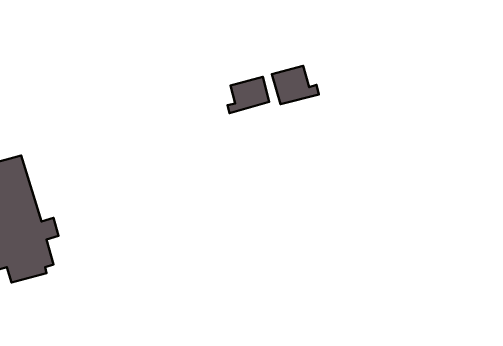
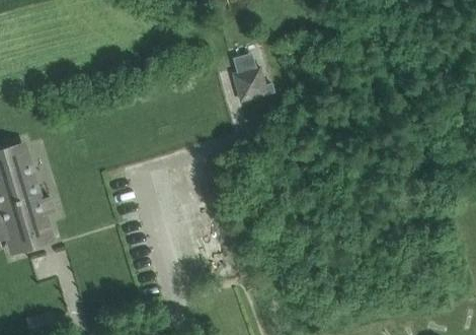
building: [227,77,269,113] -> none

